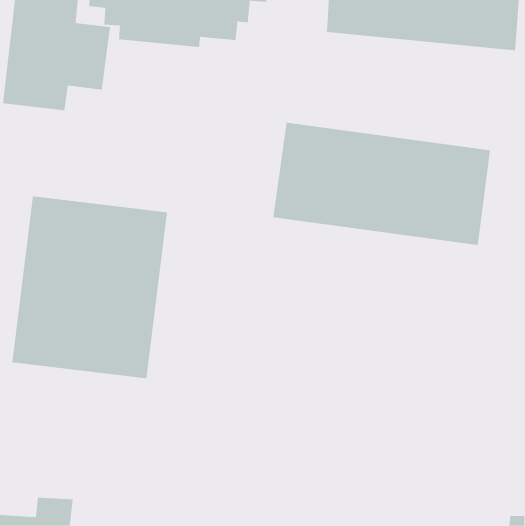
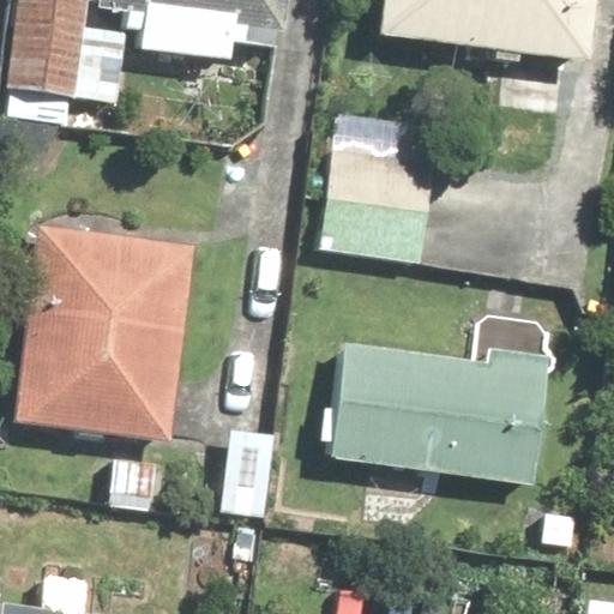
building: none -> [321,343,550,483]

